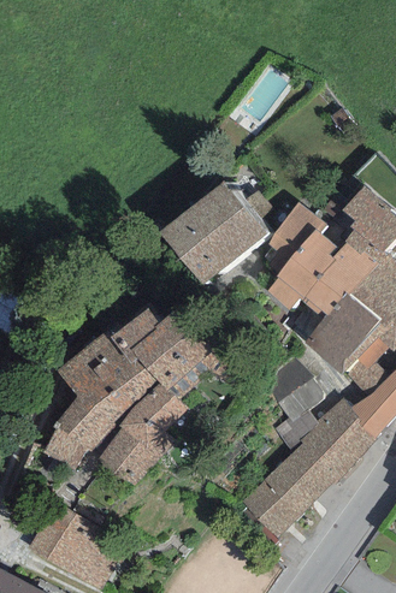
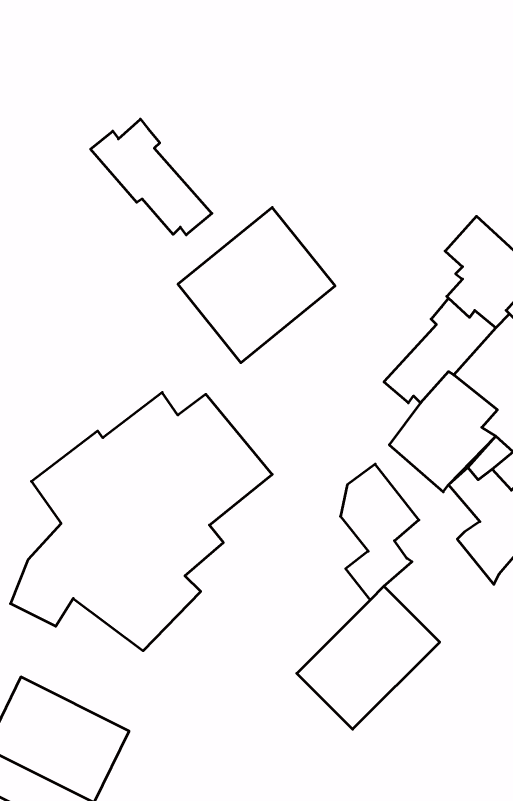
building: none -> [91,119,212,235]
building: [267,201,341,309] -> none
building: [301,397,377,479] -> none

